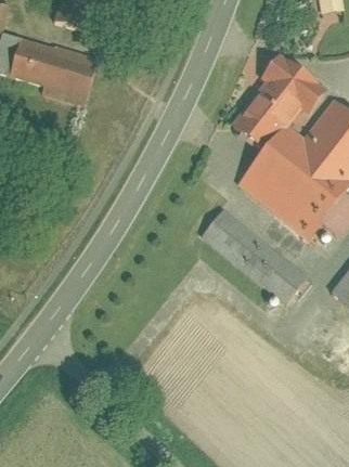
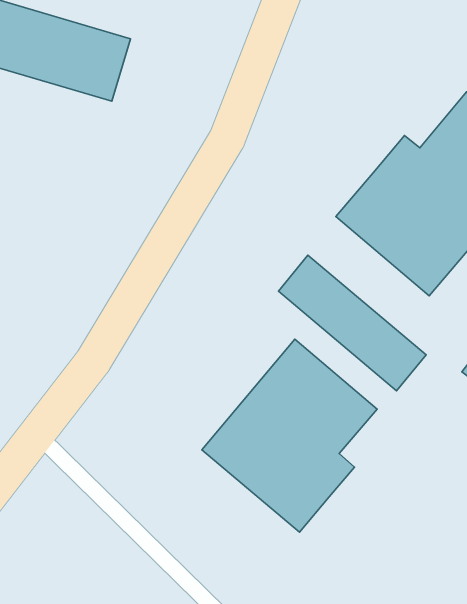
building: [232,53,323,152] -> none
building: none -> [202,339,377,532]

